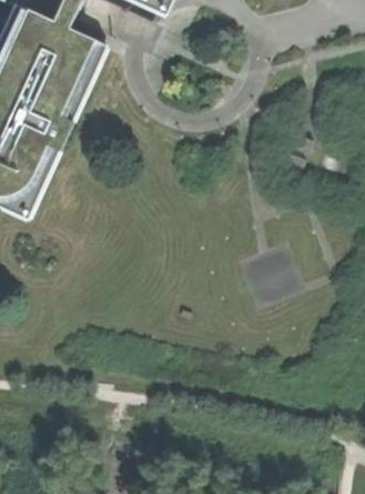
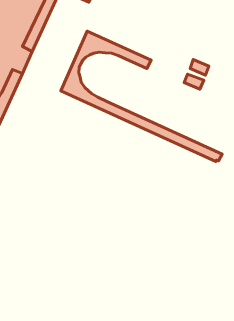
building: none -> [61,31,222,162]

